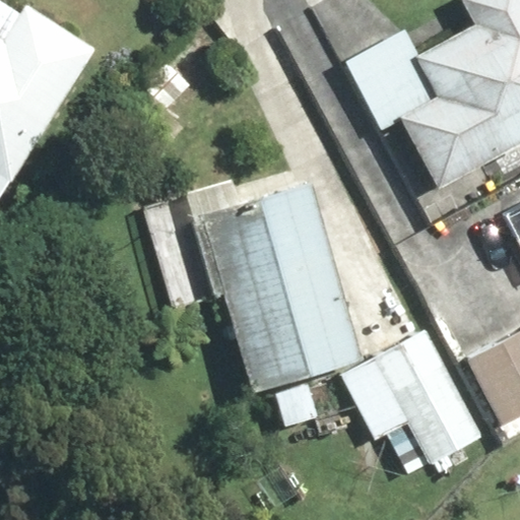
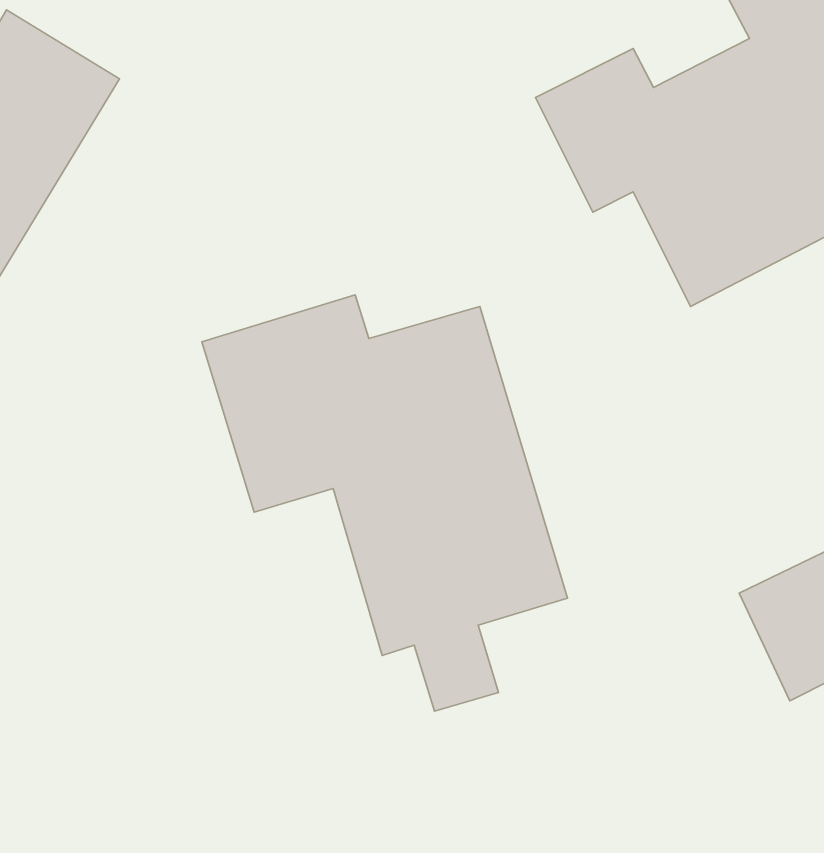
building: [341,331,481,476] -> none

